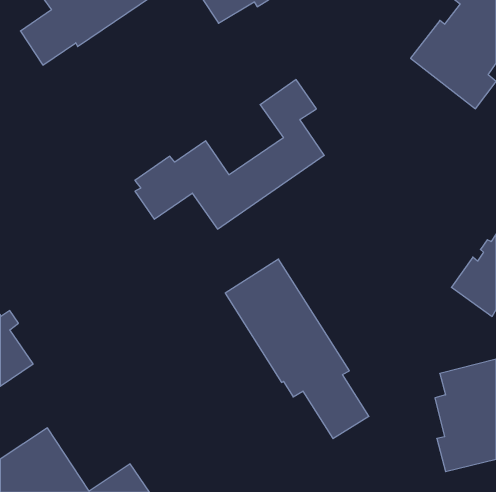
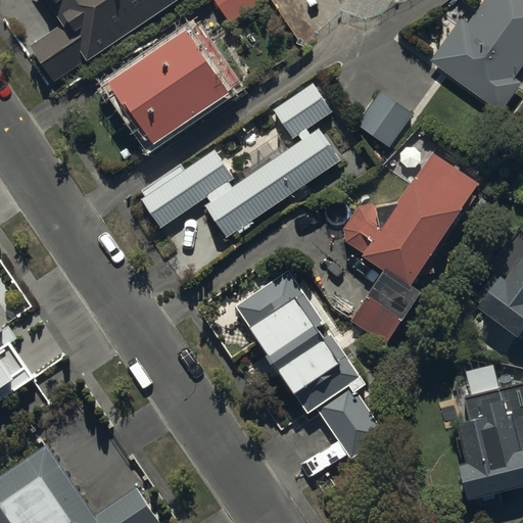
building: none -> [110,25,242,154]
building: none -> [358,94,413,149]
building: none -> [344,142,480,335]

